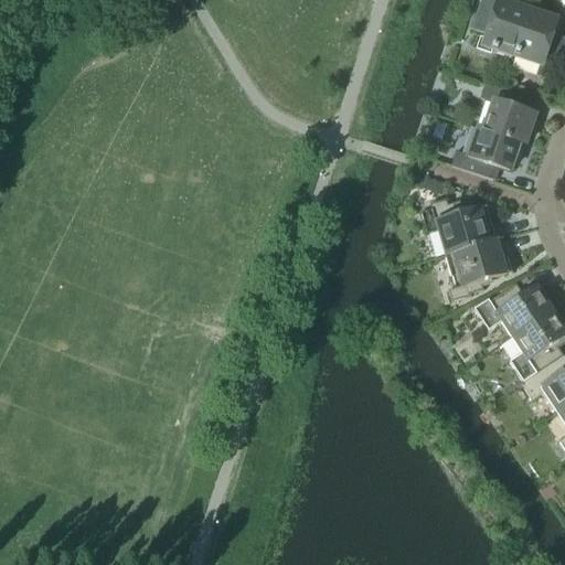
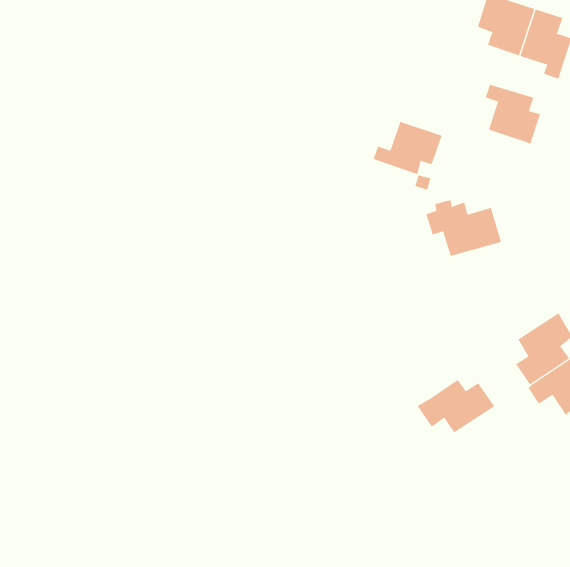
building: [451,126,520,179] -> [373,121,442,175]
building: [446,236,513,299] -> none
building: [476,281,553,334] -> [417,379,495,433]

